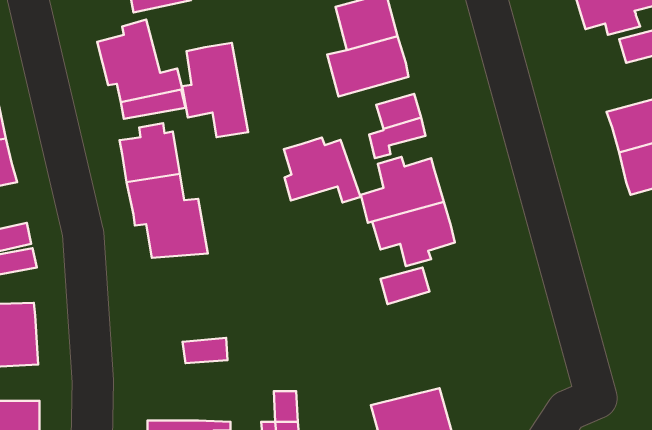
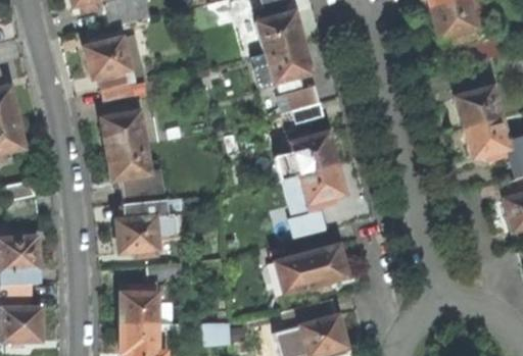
building: [182,43,248,137] -> none
building: [284,138,361,202] -> none
building: none -> [116,200,184,257]
building: none -> [269,246,346,296]
building: none -> [121,287,157,322]

